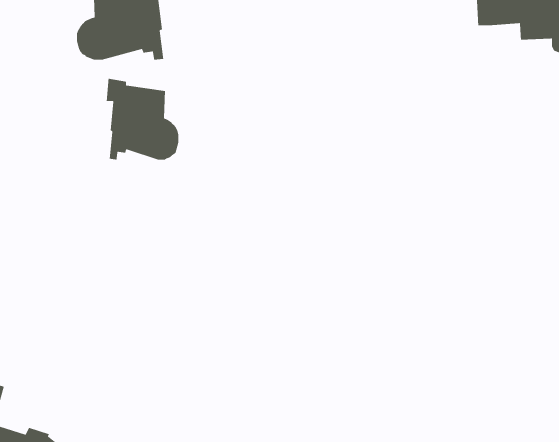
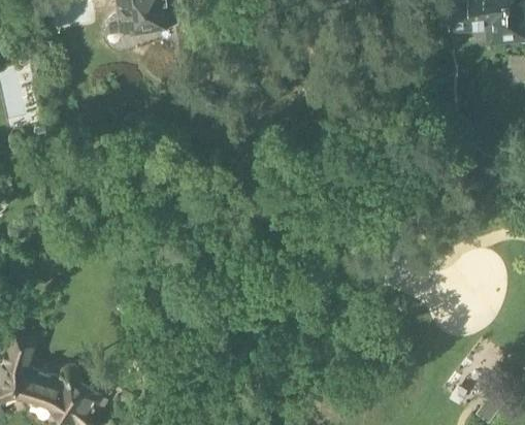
building: [106,78,179,160] -> none

